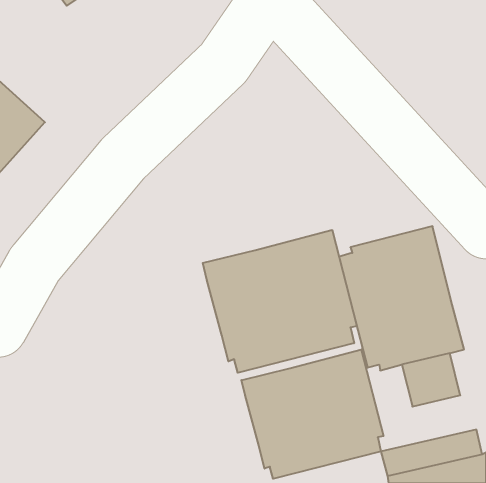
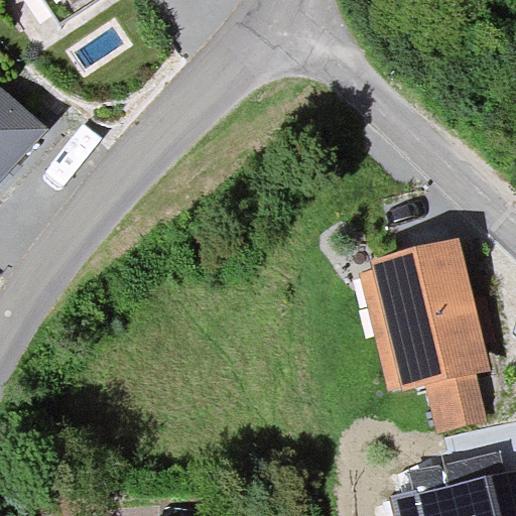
building: [203,230,357,373] -> none
building: [241,349,383,479] -> none

